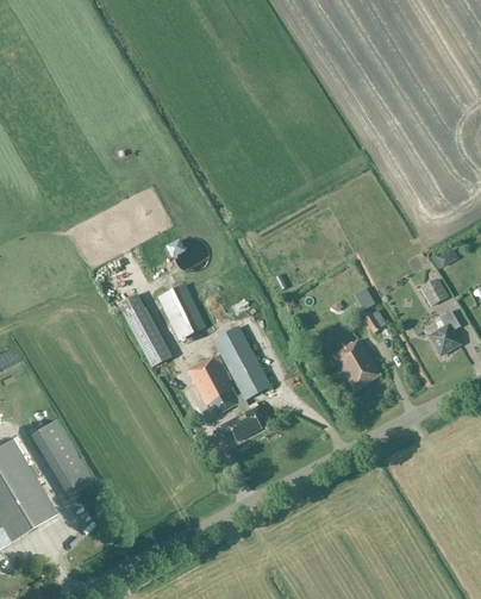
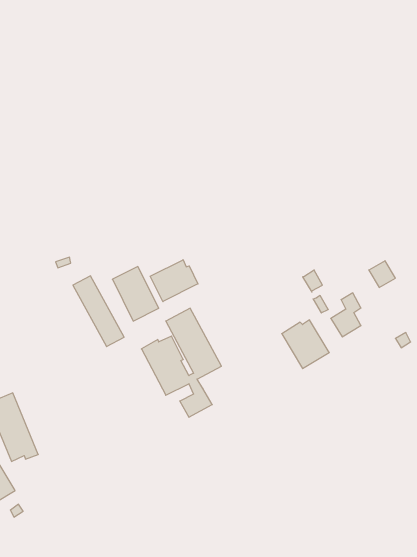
building: none -> [150,260,198,302]
building: [429,308,460,354] -> [331,293,361,337]

